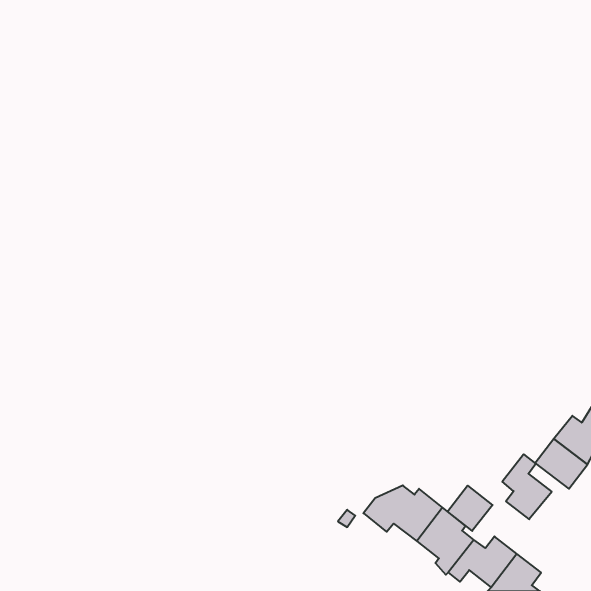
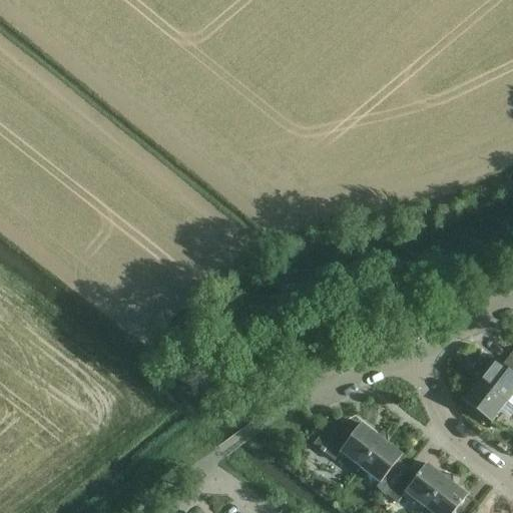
building: [502,454,552,519] -> none
building: [447,486,493,531] -> none

